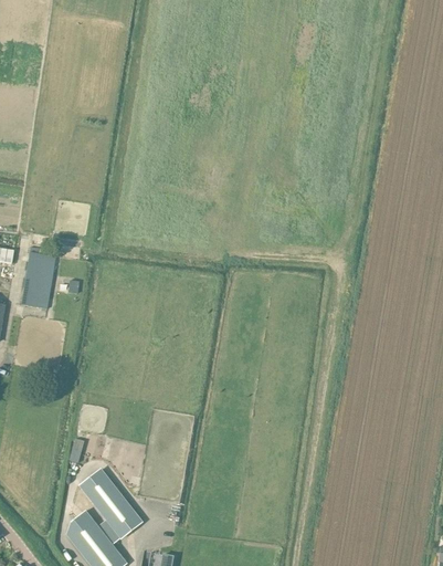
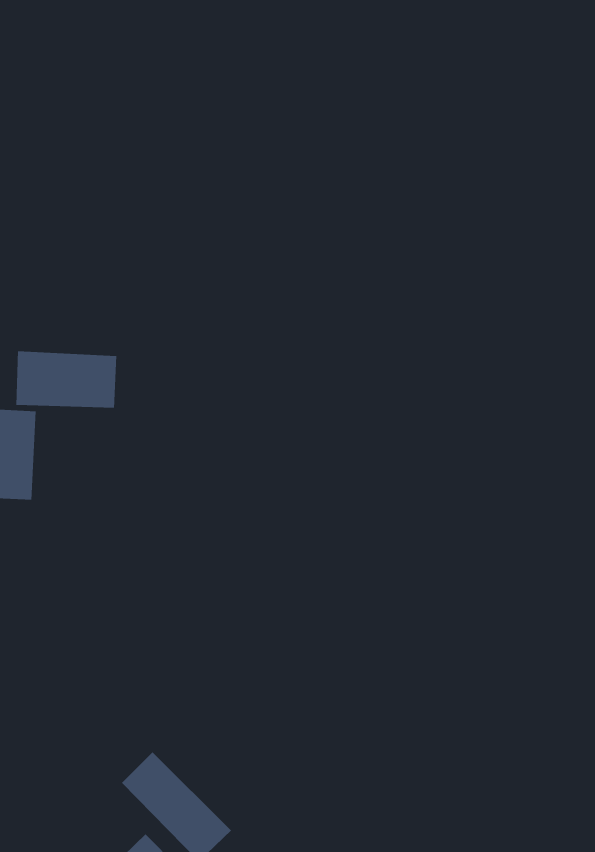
building: none -> [16,350,117,409]

